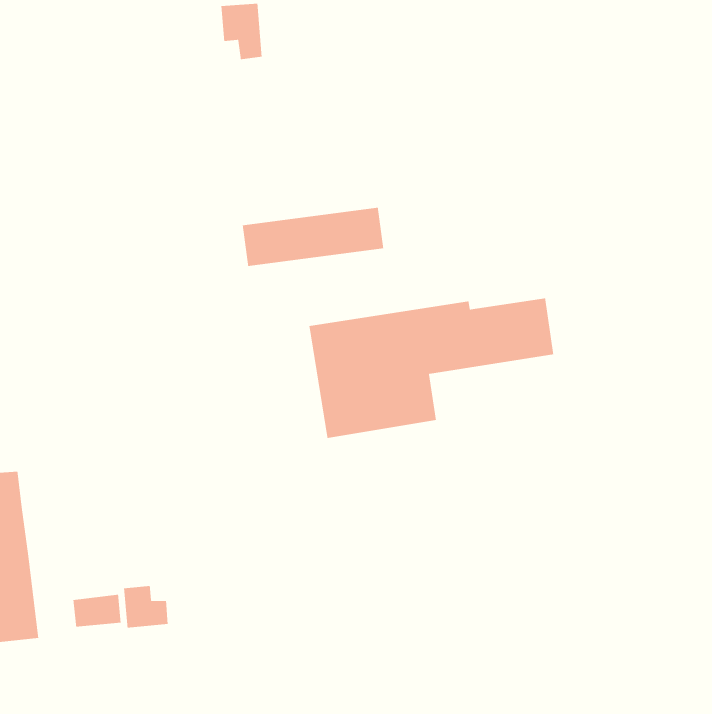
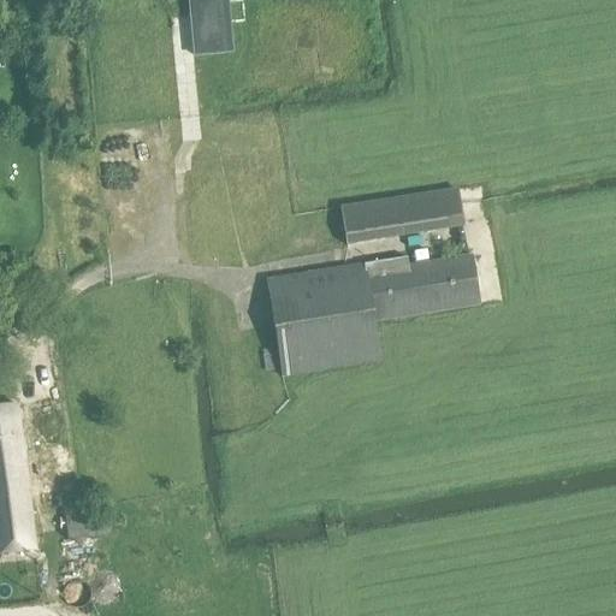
building: [242,207,384,267] -> [340,183,463,235]
building: [123,585,168,629] -> none

